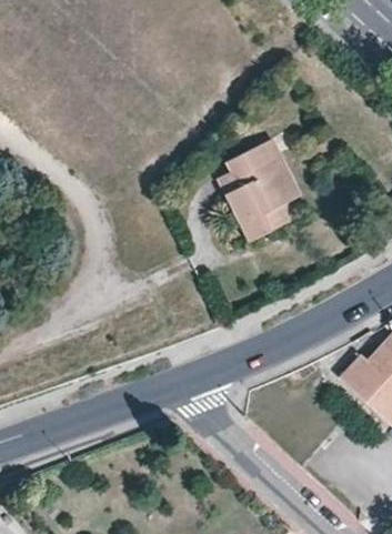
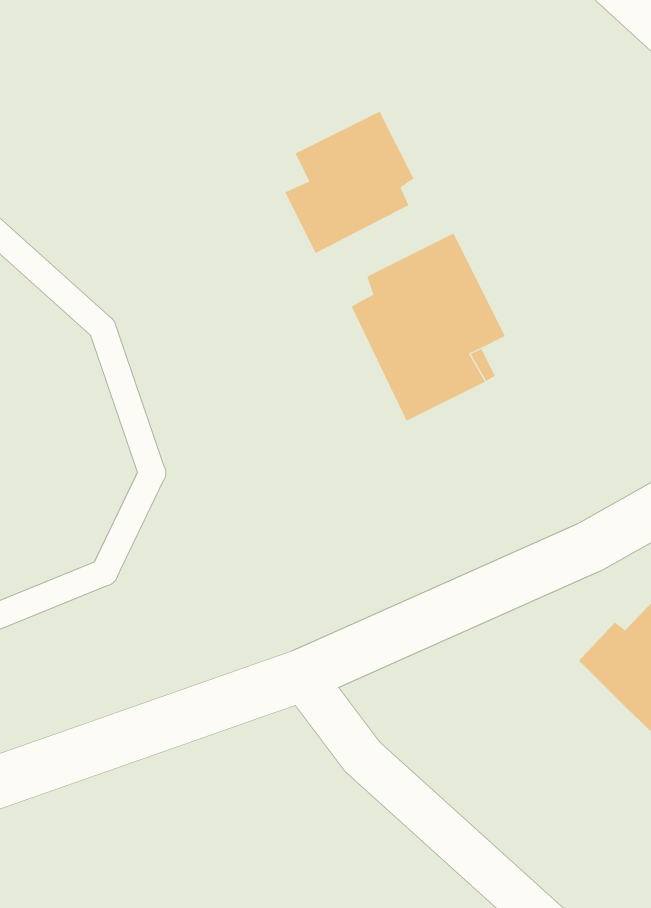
building: none -> [285,111,414,254]

